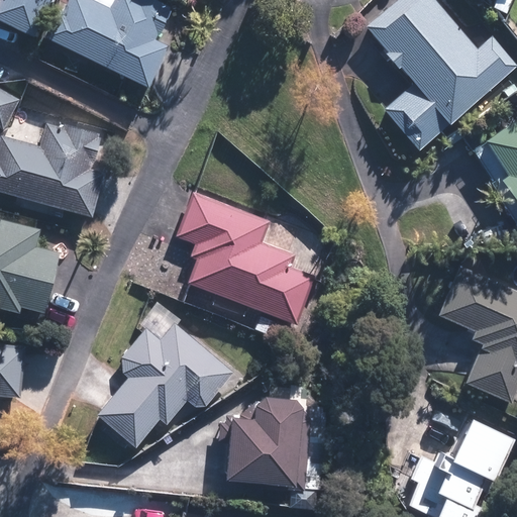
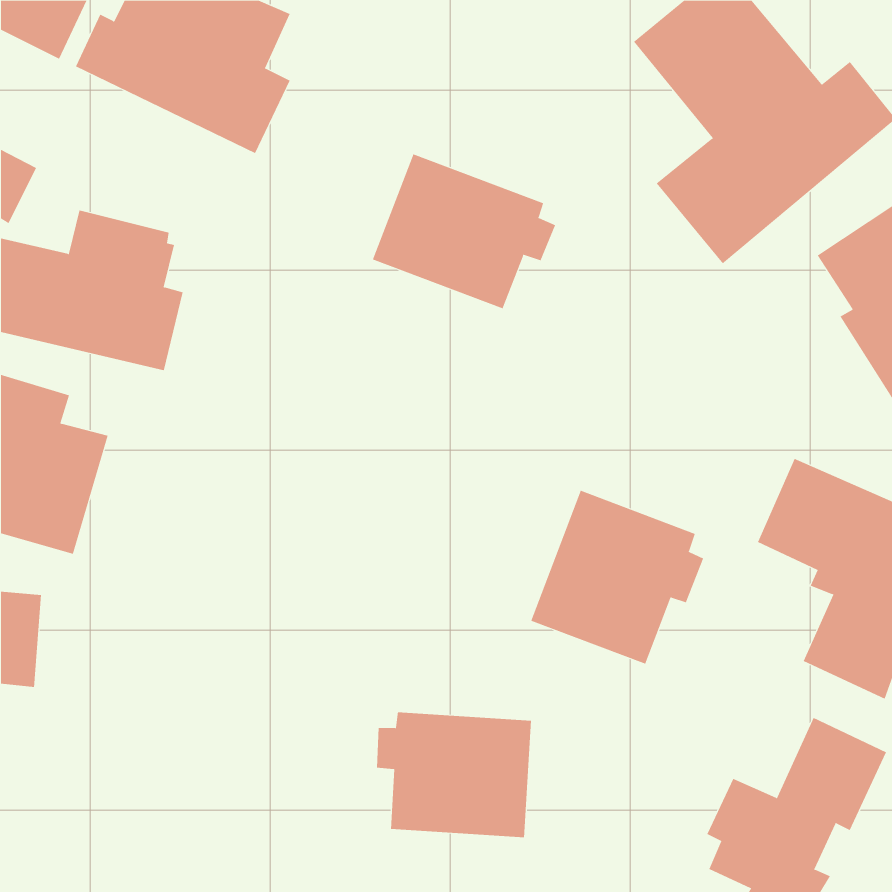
building: none -> [372,153,556,309]
building: [177,189,313,327] -> none
building: none -> [530,490,704,665]
building: [96,308,234,447] -> none

